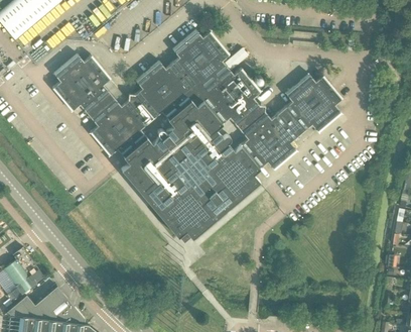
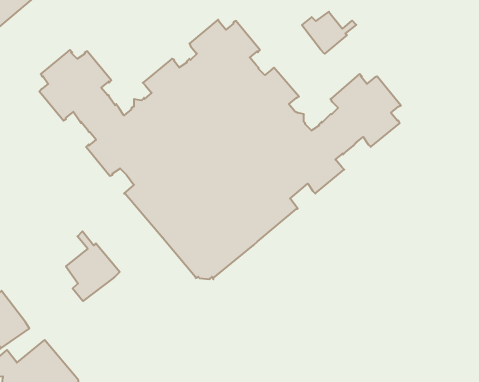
building: none -> [302,12,356,54]
building: none -> [66,231,120,301]

